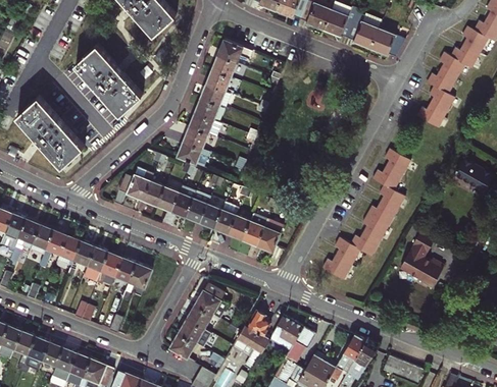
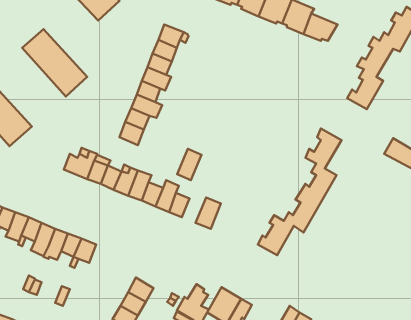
building: [242,214,267,246] -> [177,149,201,180]
building: [400,230,442,287] -> none
building: [194,279,228,319] -> none

